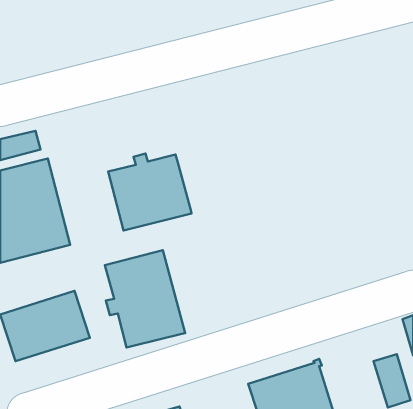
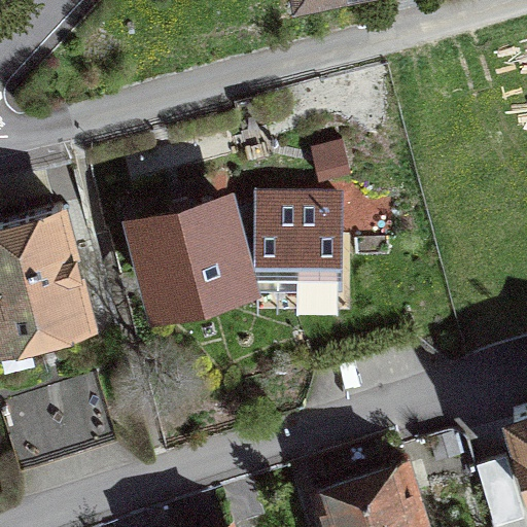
building: none -> [226,198,339,279]
building: [105,250,185,347] -> none

